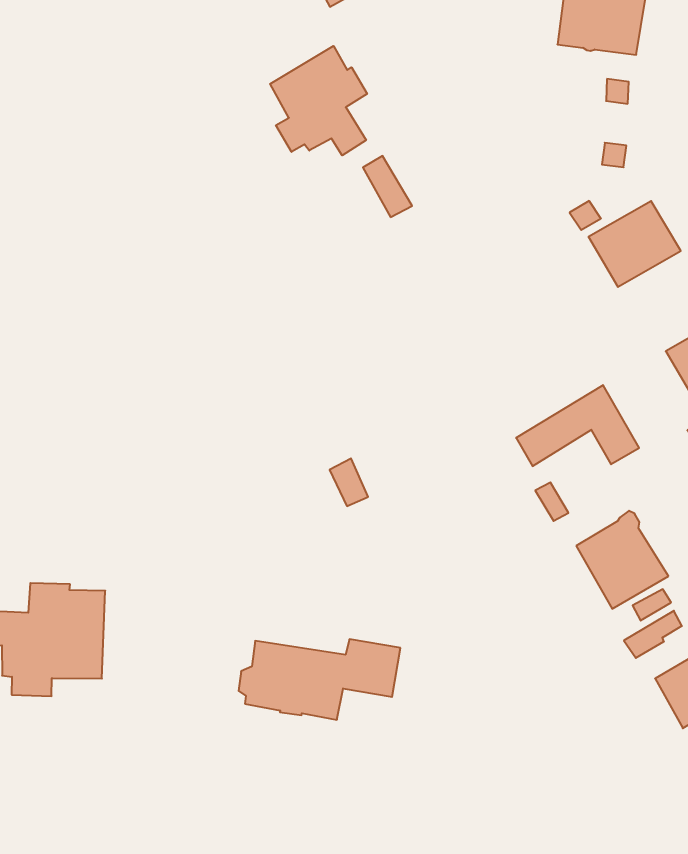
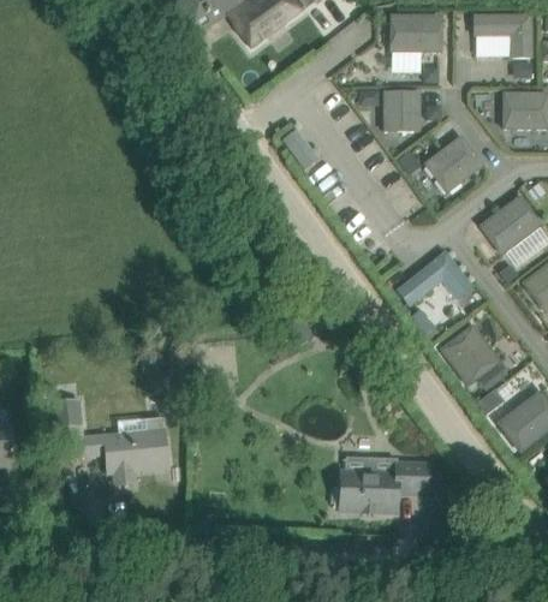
building: [270,46,367,155] -> none
building: none -> [385,91,419,131]
building: [239,639,400,720] -> [335,463,429,512]

